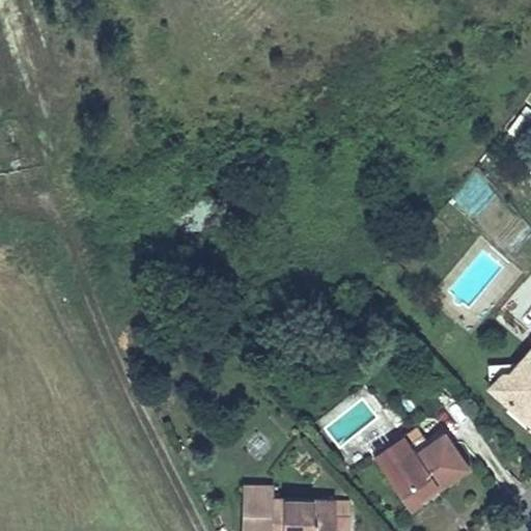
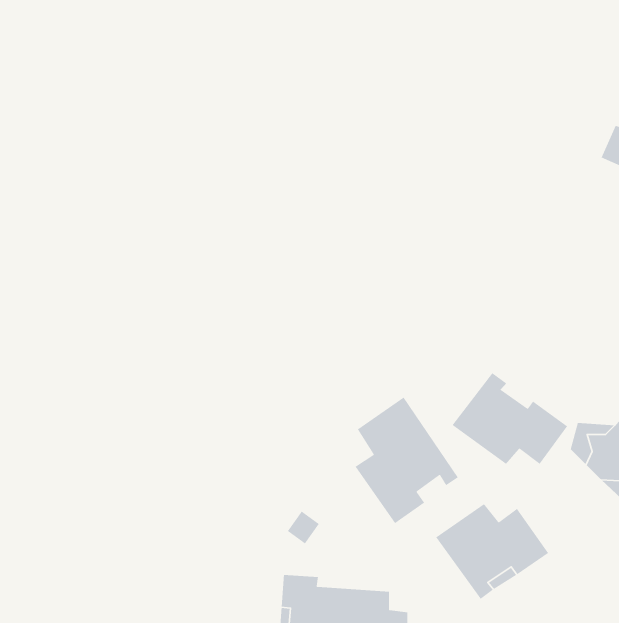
building: none -> [451,372,568,465]
building: none -> [354,396,459,524]

